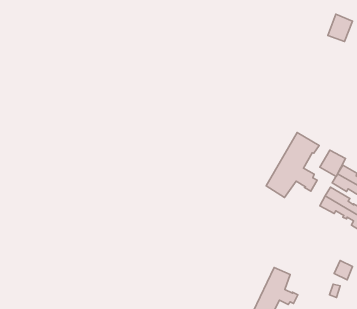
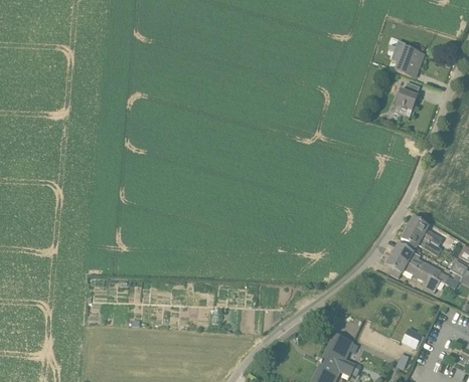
building: none -> [393,80,419,116]
building: [266,133,319,197] -> none
building: [320,150,345,176] -> none

